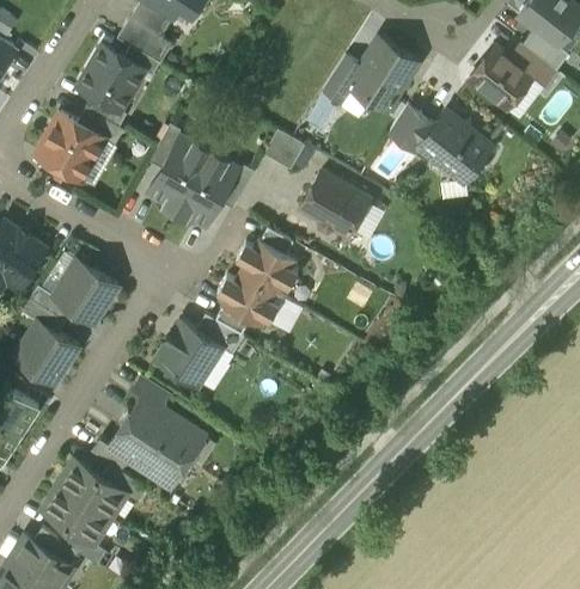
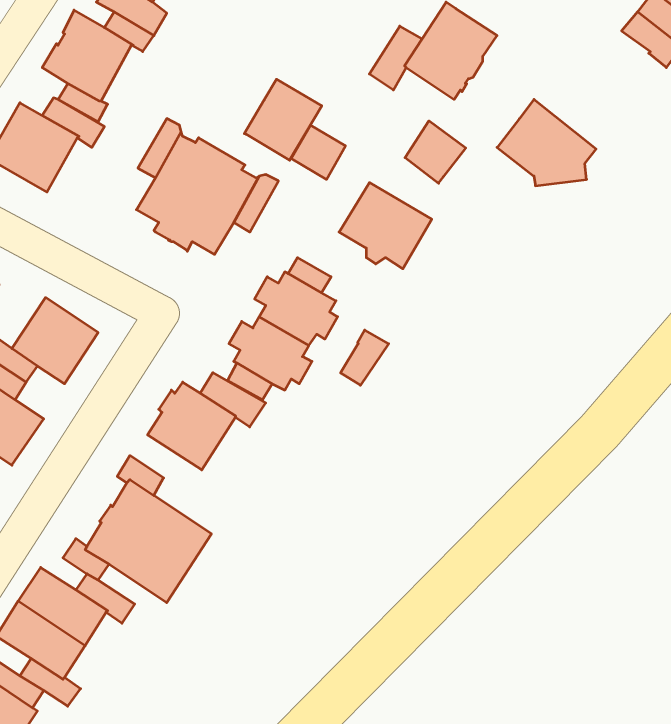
building: [469,47,532,109] -> none
building: none -> [244,79,322,160]
building: [389,105,434,152] -> [405,121,466,183]
building: none -> [341,330,389,385]

